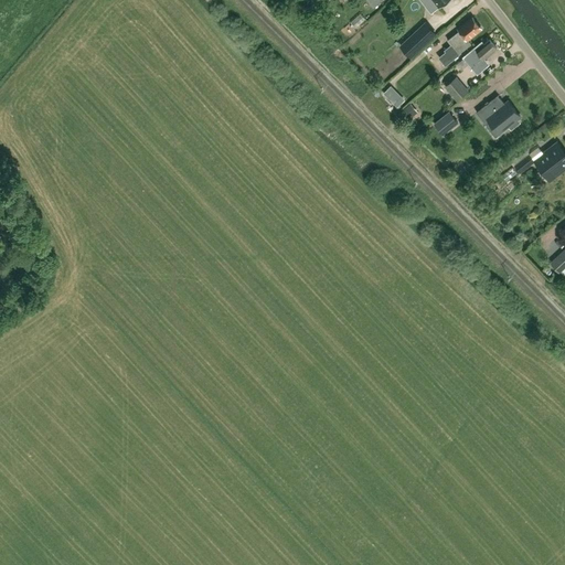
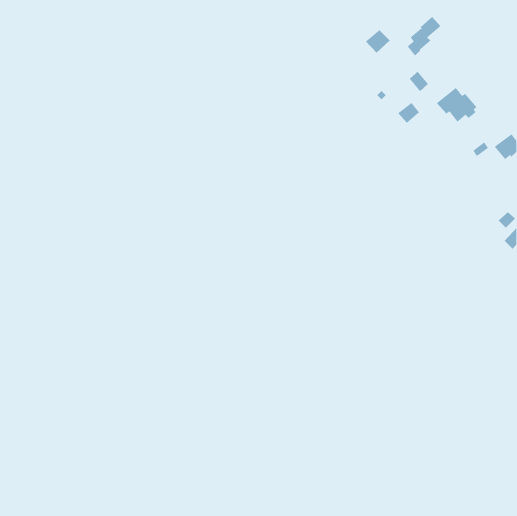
building: [463,41,497,75] -> none

